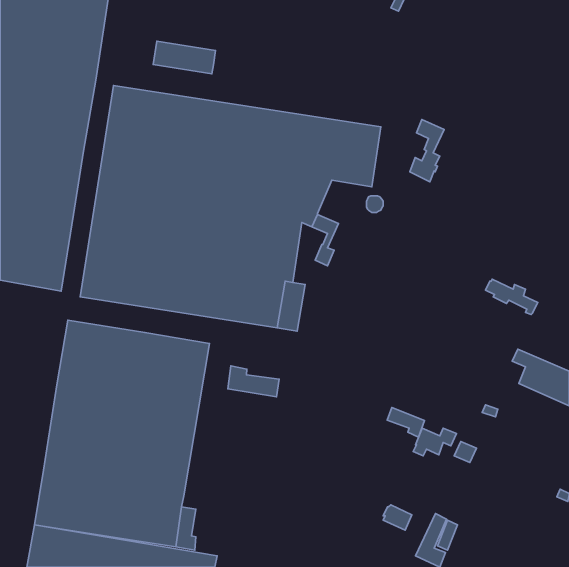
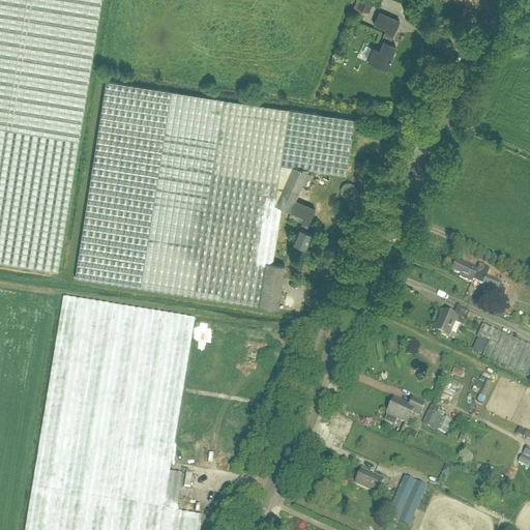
building: [153,41,216,74] -> none
building: [410,120,444,182] -> [367,10,400,68]
building: none -> [434,306,469,337]
building: [228,366,279,397] -> none
building: [387,407,424,437] -> none

